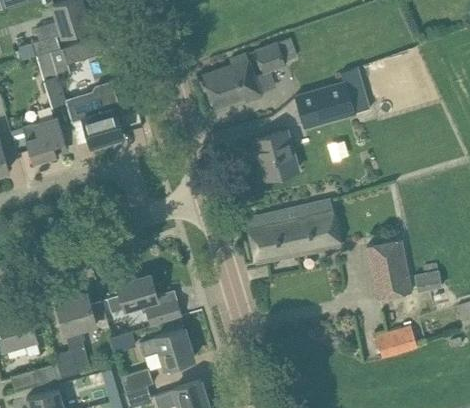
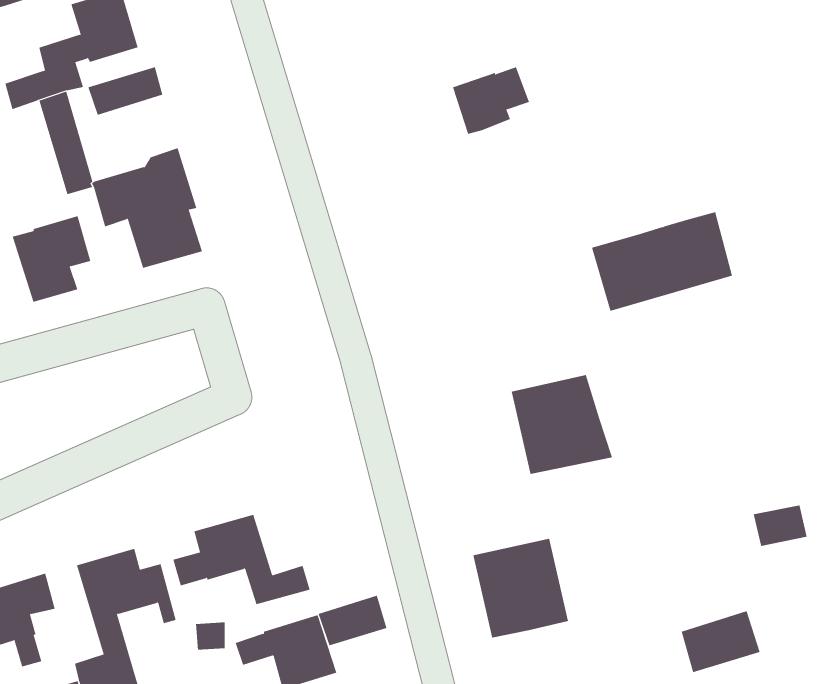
building: [202,53,262,109] -> none
building: [295,76,370,129] -> [591,211,733,312]
building: [254,131,299,179] -> none
building: [245,210,296,263] -> [473,538,569,638]
building: [366,240,413,299] -> none
building: none -> [318,595,387,646]

